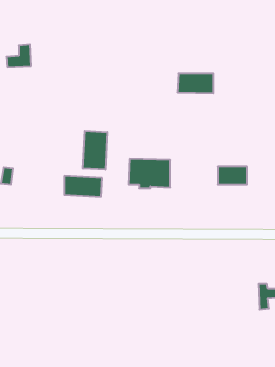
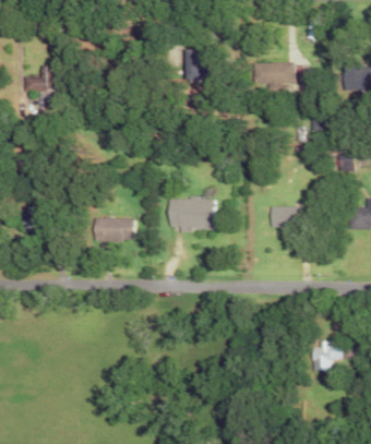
building: none -> [186,49,203,81]
building: [177,73,213,93] -> [253,62,295,85]
building: [83,131,107,170] -> none

